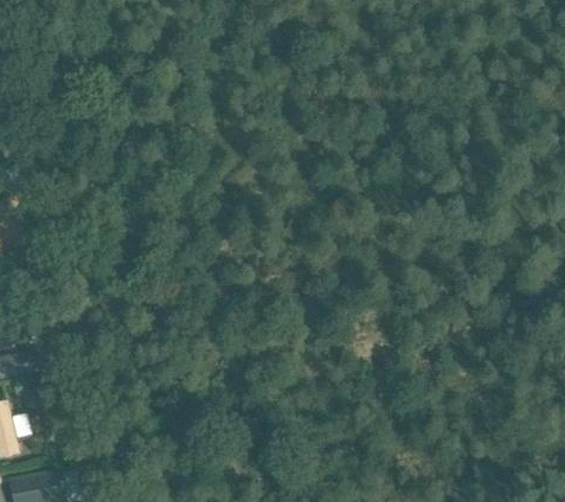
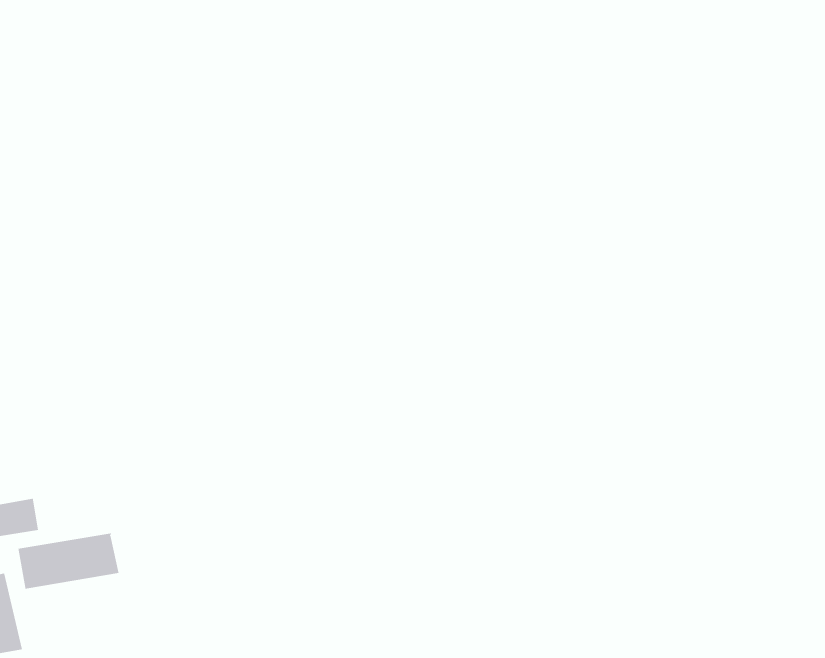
building: none -> [18,532,119,589]

